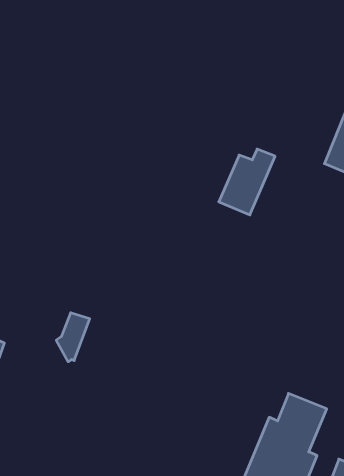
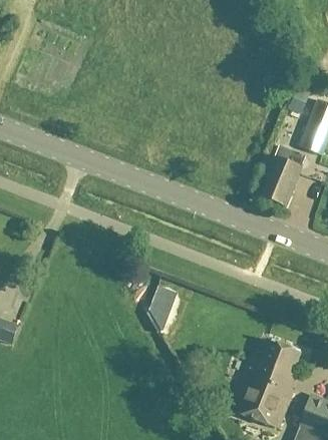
building: [219,149,275,215] -> [258,150,305,205]
building: [56,313,90,362] -> [146,290,175,331]

